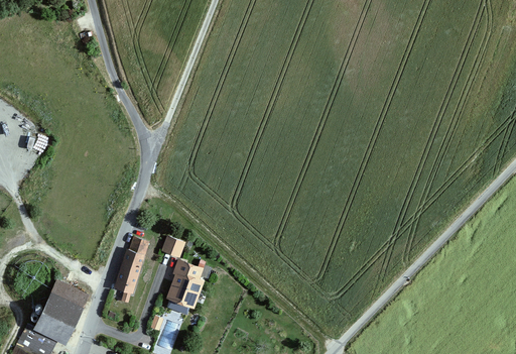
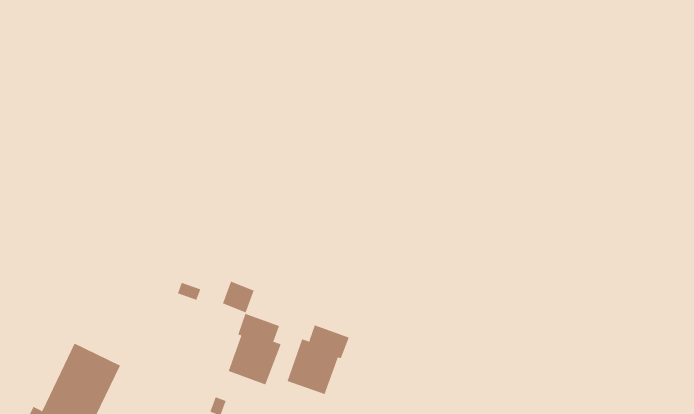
building: [113,250,144,303] -> none
building: none -> [287,325,350,395]

